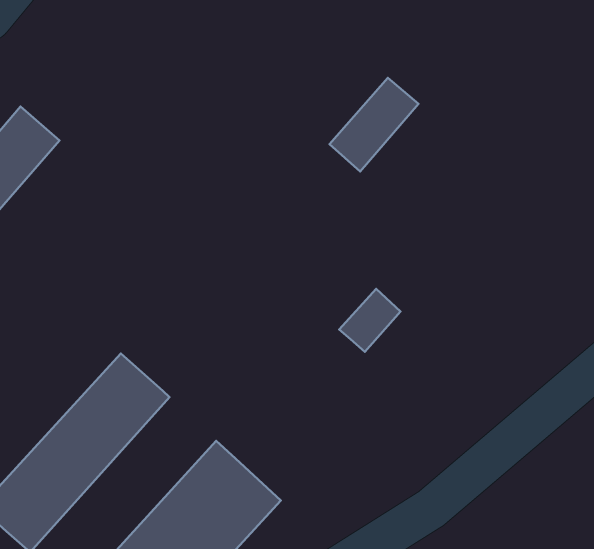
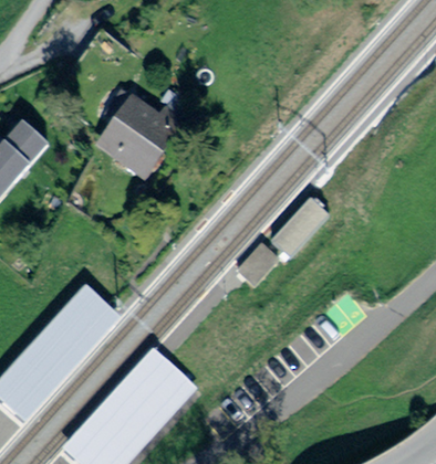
building: [330,78,419,172] -> [270,196,331,260]
building: none -> [103,98,177,171]

